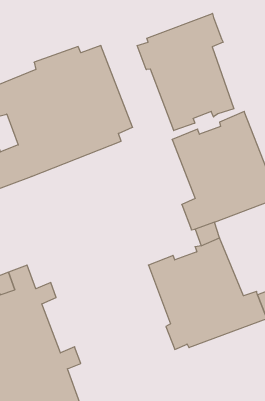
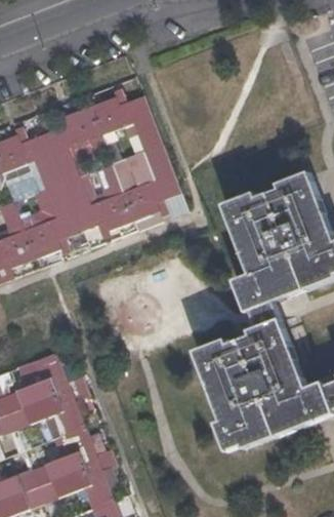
building: [137,13,234,131] -> none

